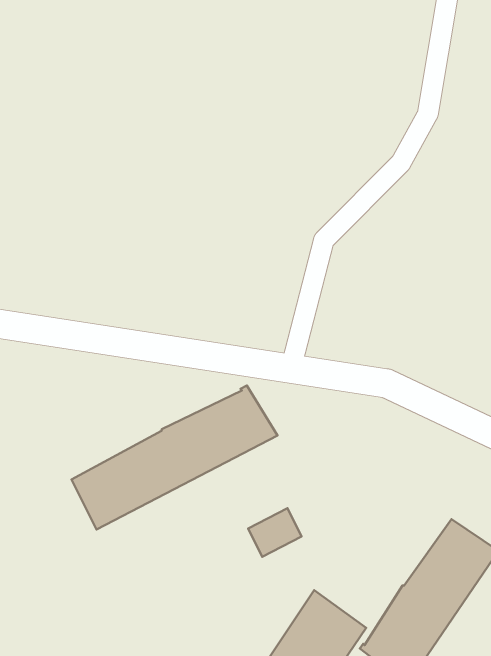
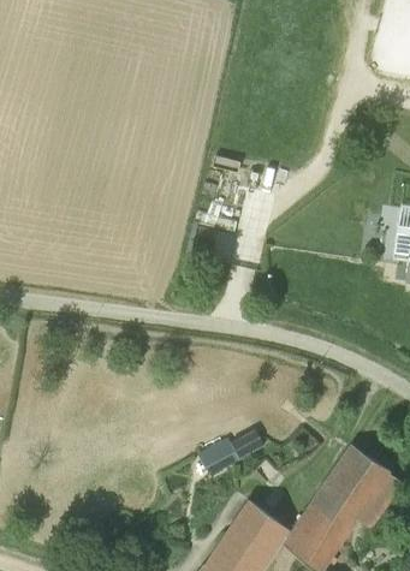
building: [72,385,277,529] -> none

